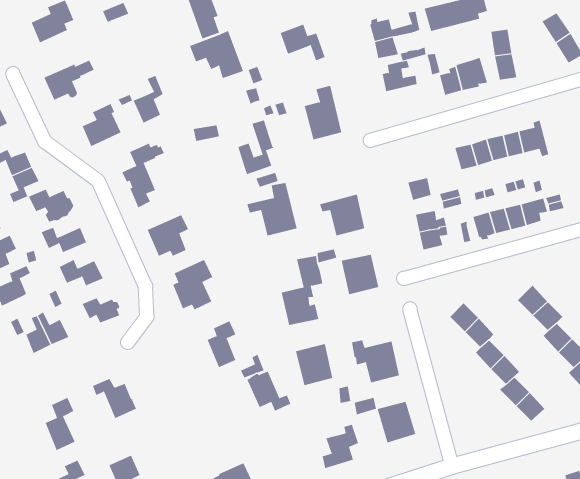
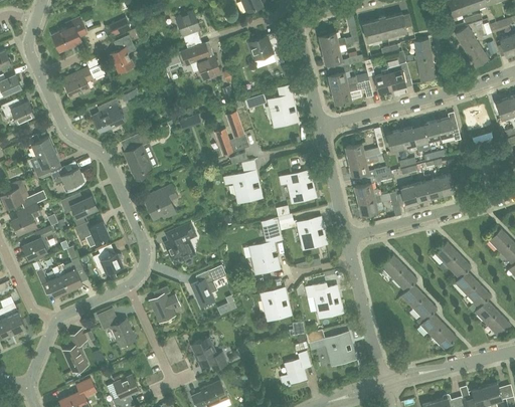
building: [133,75,164,124] -> [111,34,135,72]
building: none -> [332,80,373,103]
building: none -> [346,137,386,161]
building: none -> [151,285,179,322]
building: [247,371,291,412] -> [191,338,226,370]

